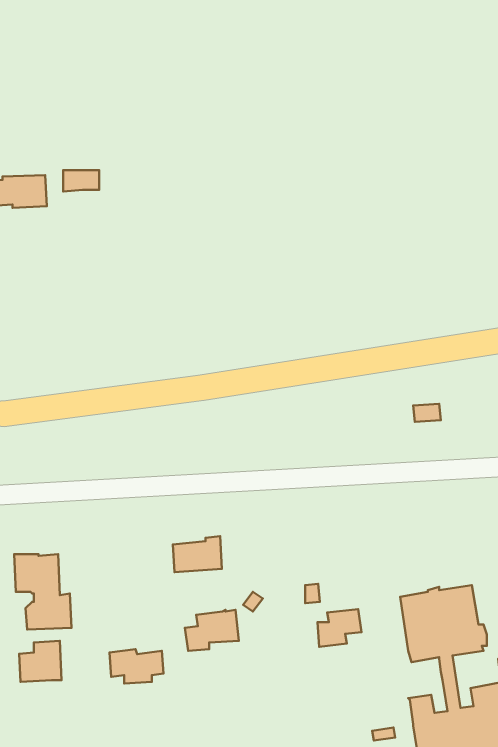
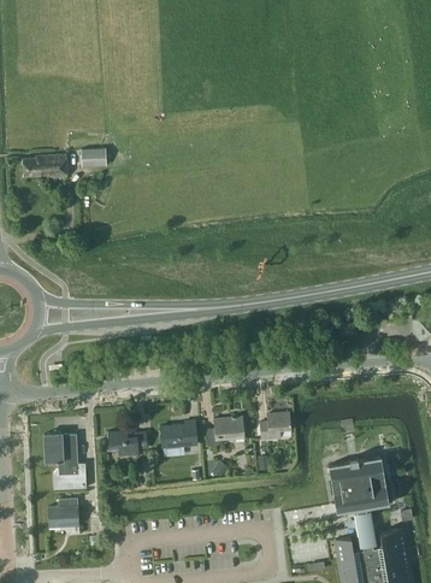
building: [317,609,362,647] -> [259,412,291,440]
building: [185,610,239,651] -> [205,416,244,446]
building: [109,649,163,683] -> [107,430,147,455]

